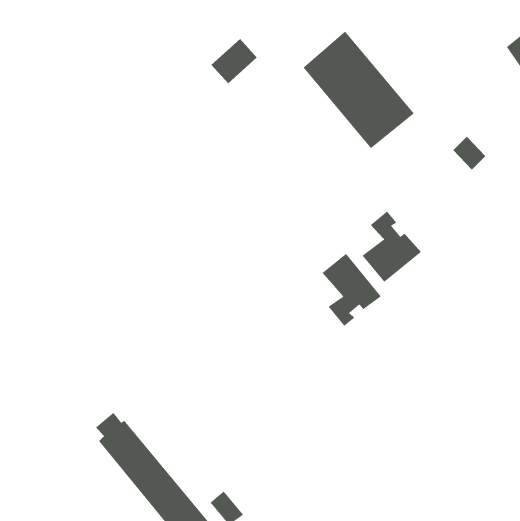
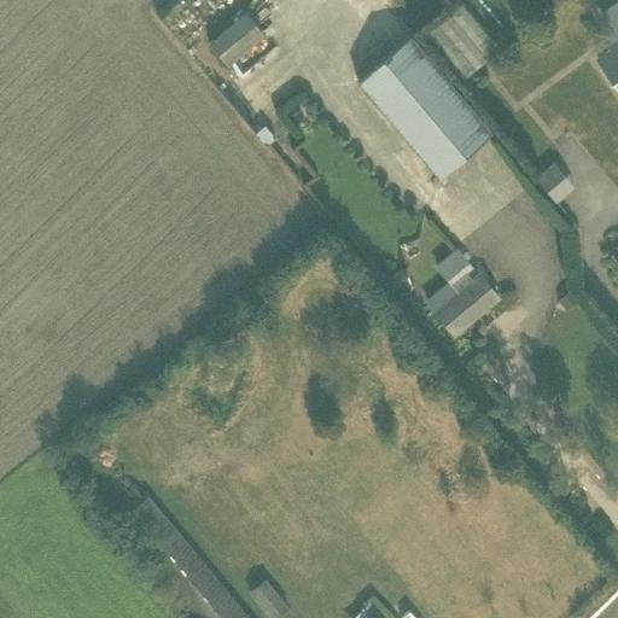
building: [211,38,258,84] -> [211,12,267,66]
building: [322,253,382,327] -> none

